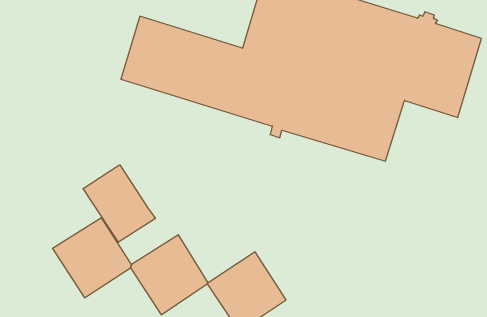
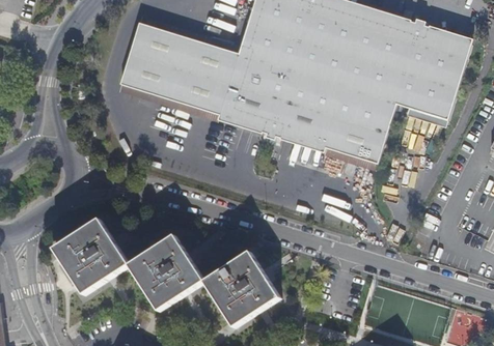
building: [83,165,155,242] -> none

